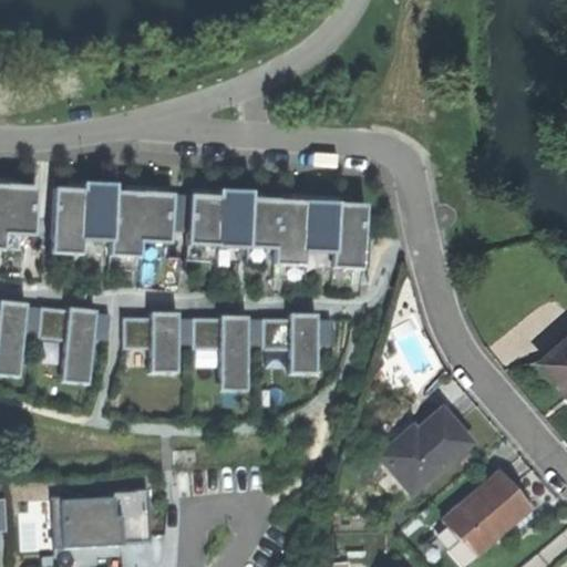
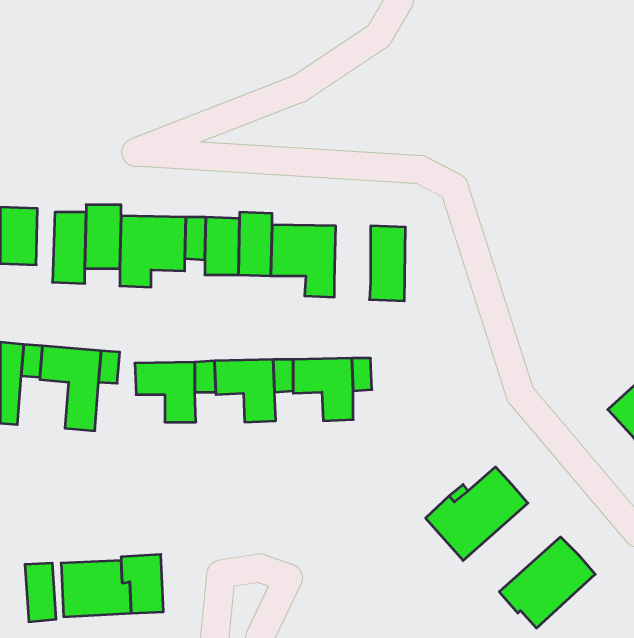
building: [300,200,332,250] -> none

